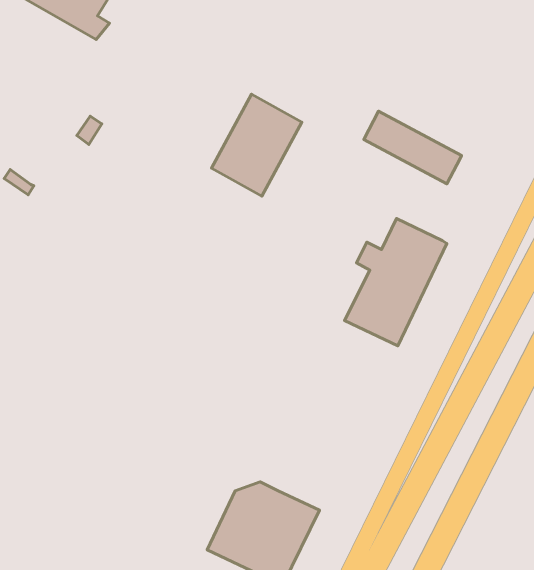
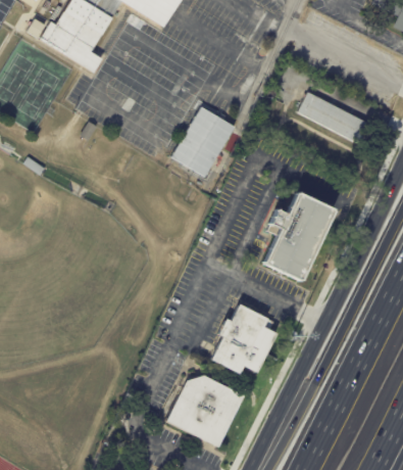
building: [364,111,462,184] -> [298,91,365,141]
building: none -> [215,301,281,371]

